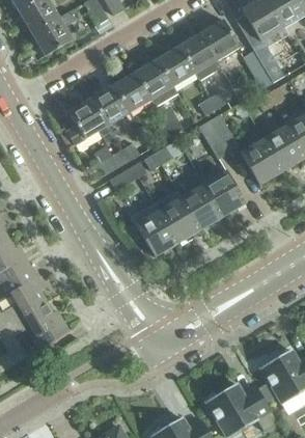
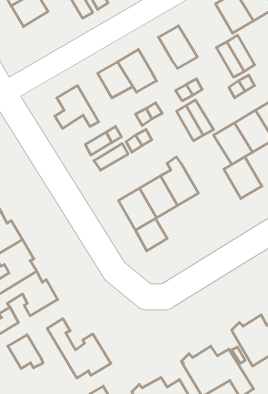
building: [31,9,76,55] -> none
building: [200,19,239,59] -> none
building: [157,45,194,85] -> none
building: [90,84,128,125] -> none
building: [203,169,245,215] -> [224,157,262,199]
building: none -> [136,218,167,251]
building: none -> [47,319,111,378]
building: none -> [8,335,43,369]

